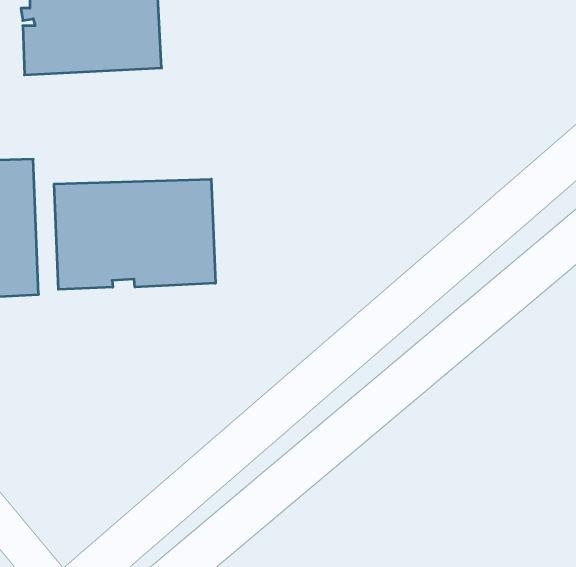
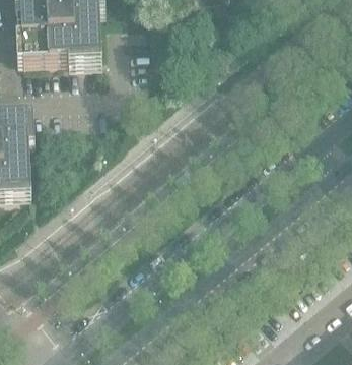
building: [54,179,215,289] -> none

